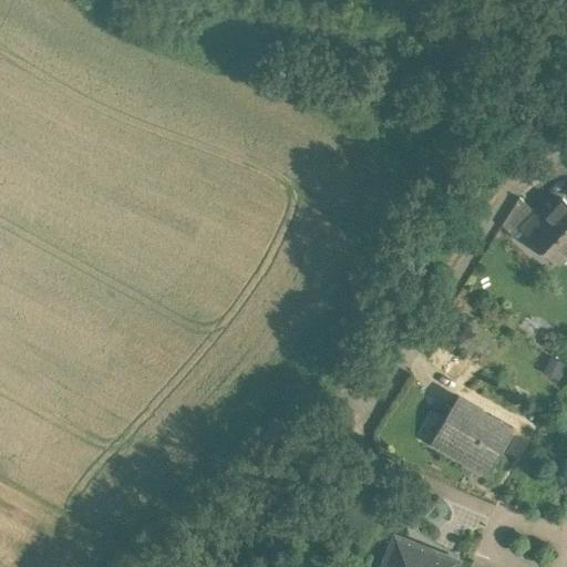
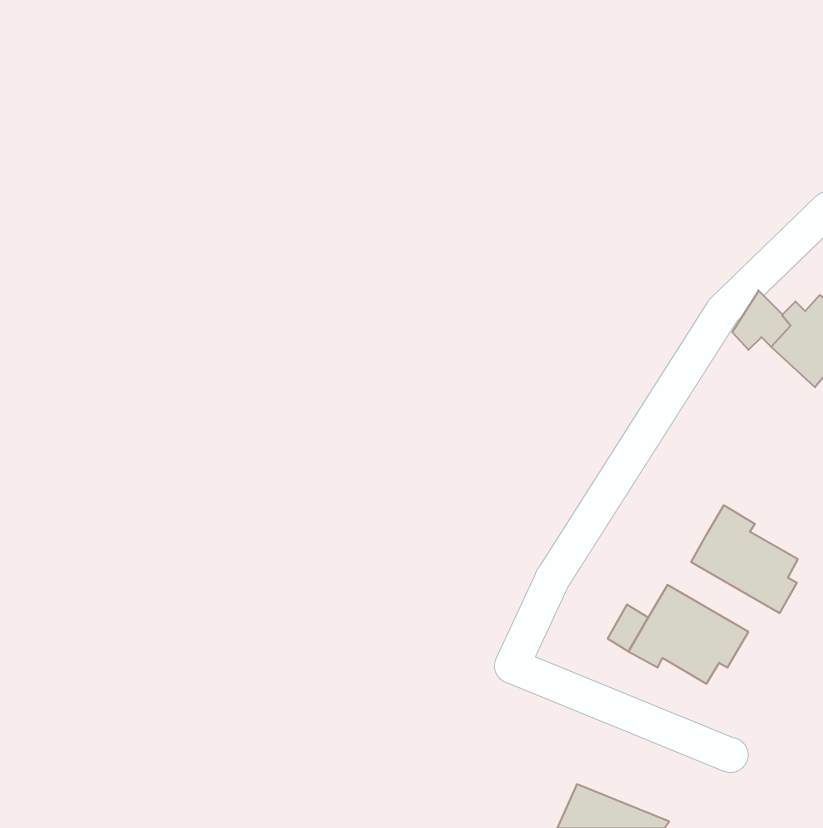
building: none -> [691,505,798,613]

